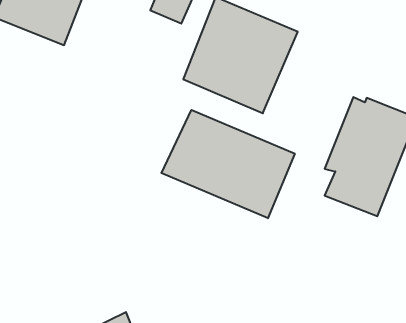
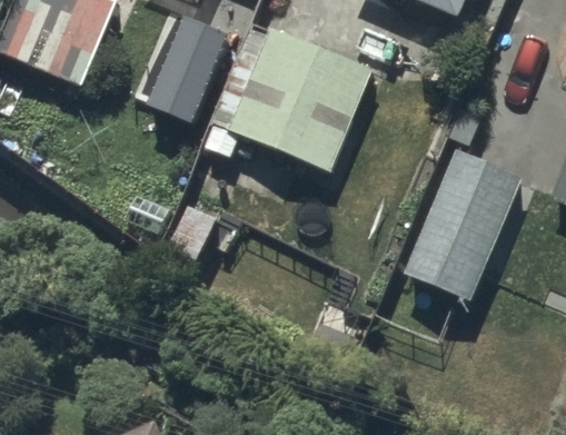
building: [161,110,295,218] -> none

